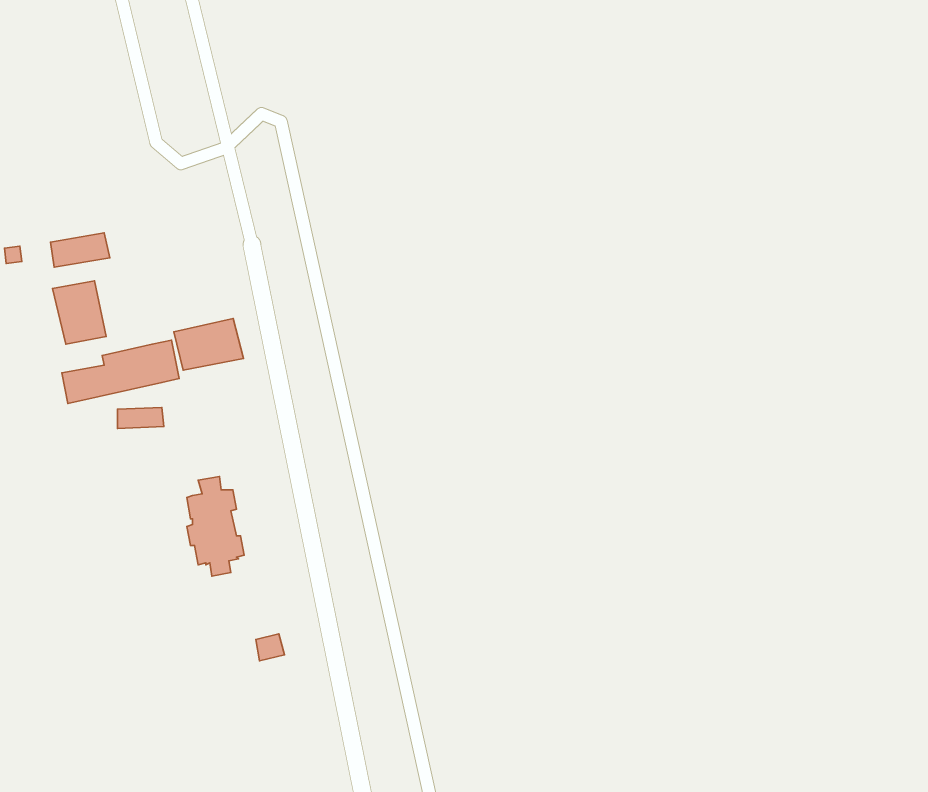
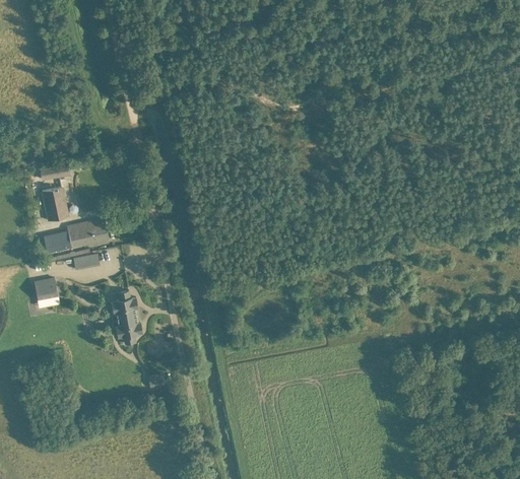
building: [174,319,243,370] -> none
building: none -> [35,278,58,299]

